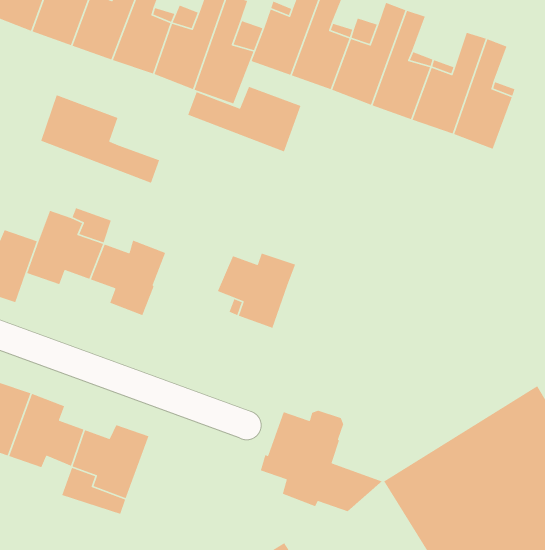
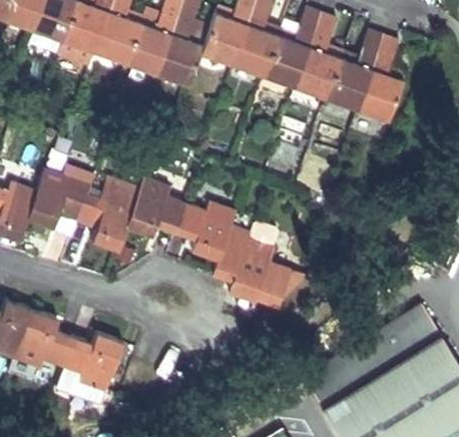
building: [187,86,301,152] -> none
building: [40,94,160,184] -> none
building: none -> [126,178,187,237]
building: [260,410,383,512] -> [212,226,308,305]

